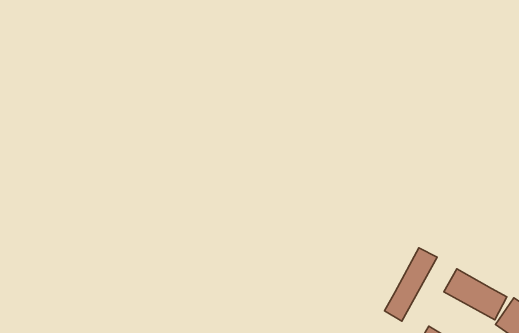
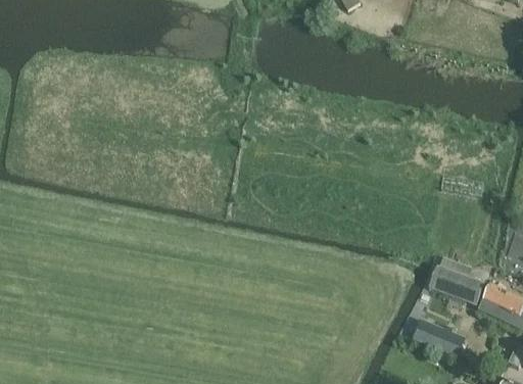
building: [385,248,437,321] -> none

